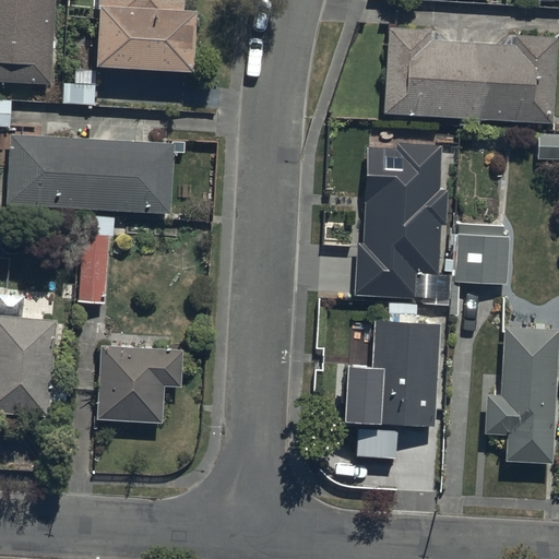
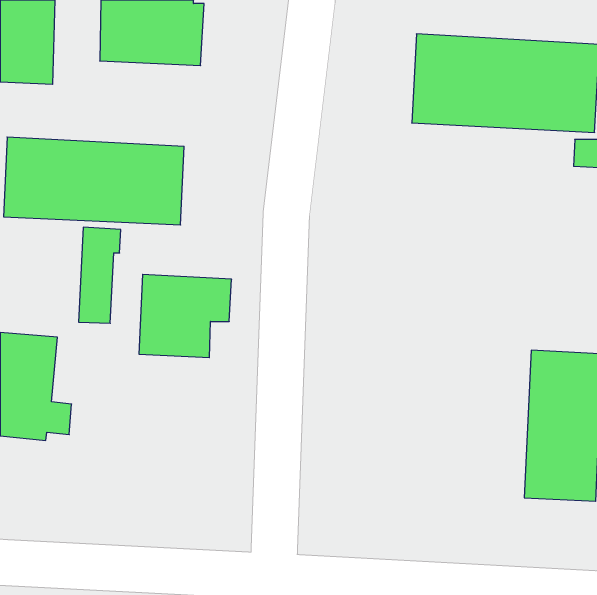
building: [354,143,449,309] -> none
building: [454,223,510,285] -> none
building: [354,325,444,435] -> none
building: [96,343,182,420] -> [139,274,232,358]

